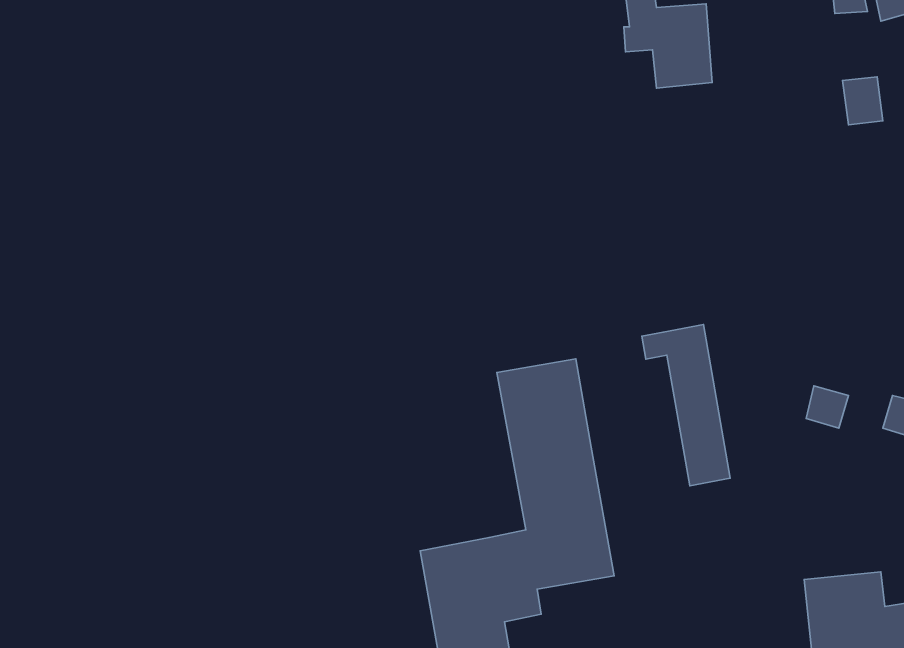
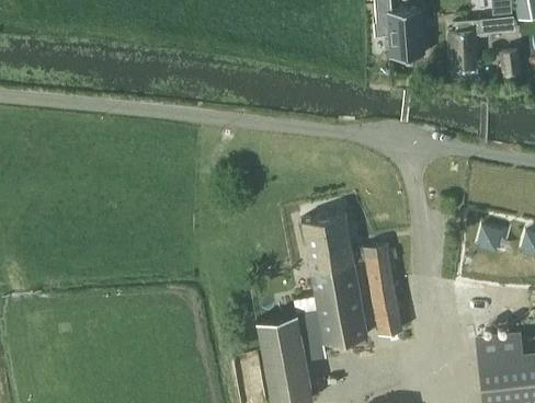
building: none -> [449,20,514,83]
building: [642,325,730,486] -> [352,244,402,336]

